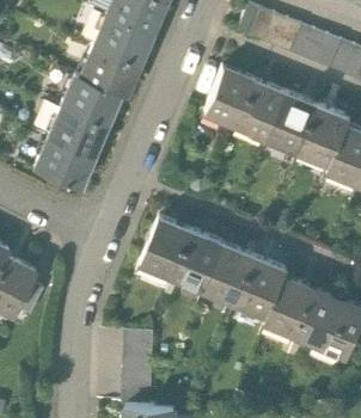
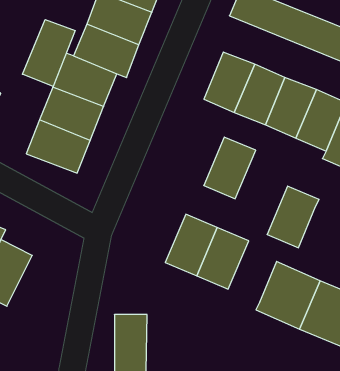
building: none -> [22,20,75,87]
building: [141,215,192,276] -> [204,137,256,199]
building: [234,254,286,315] -> [267,186,319,248]

